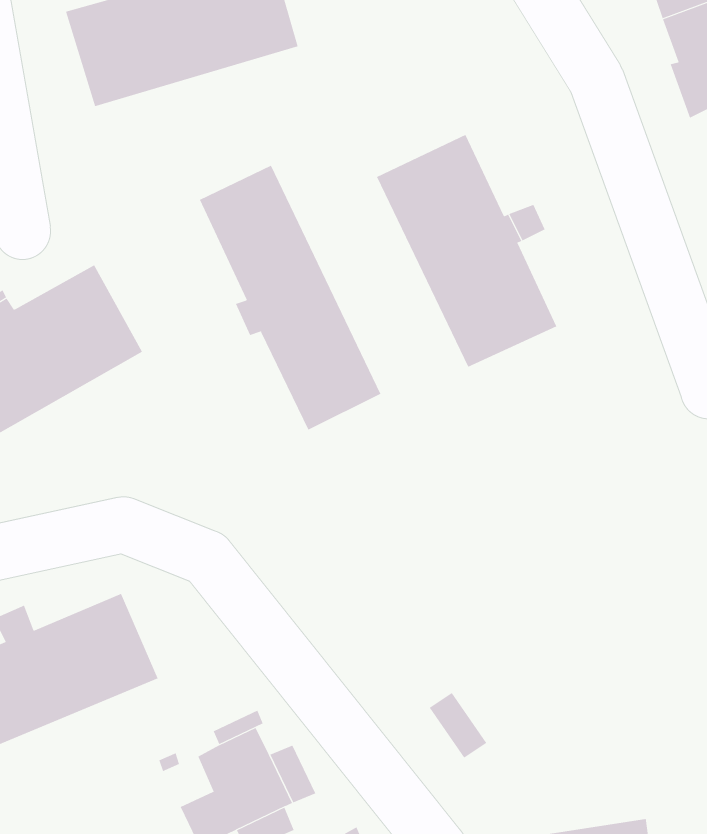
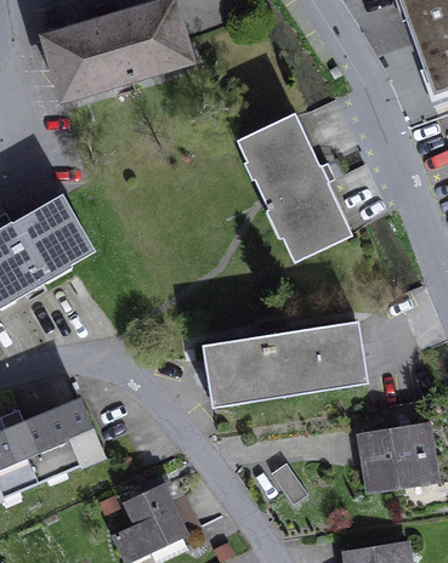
building: [199,165,381,431] -> none
building: none -> [204,318,365,405]
building: none -> [357,422,438,494]

